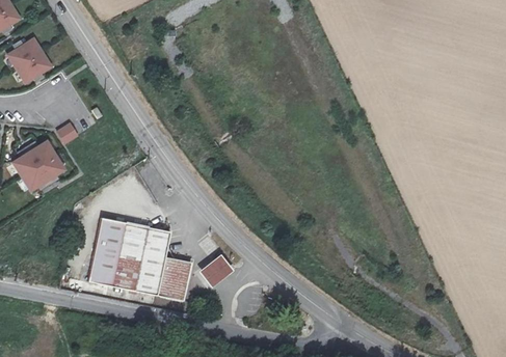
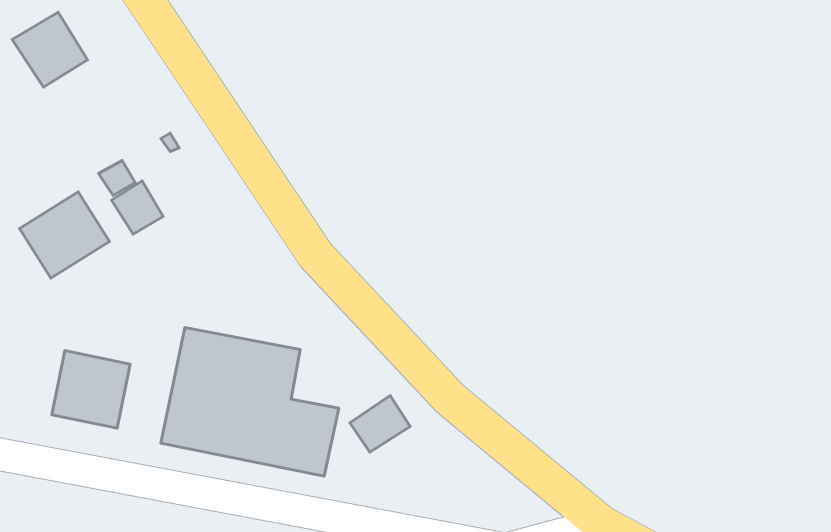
building: none -> [111,181,163,234]
building: none -> [52,351,130,428]

